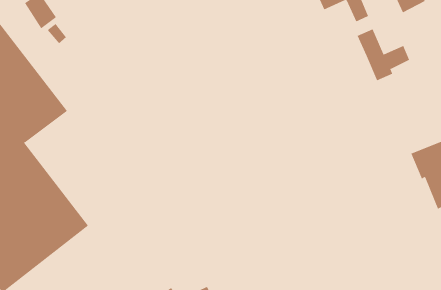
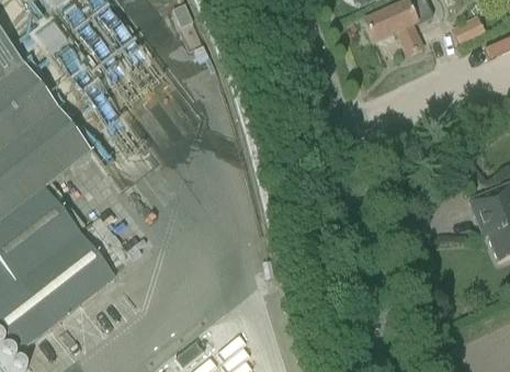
building: [357,29,410,81] -> none

